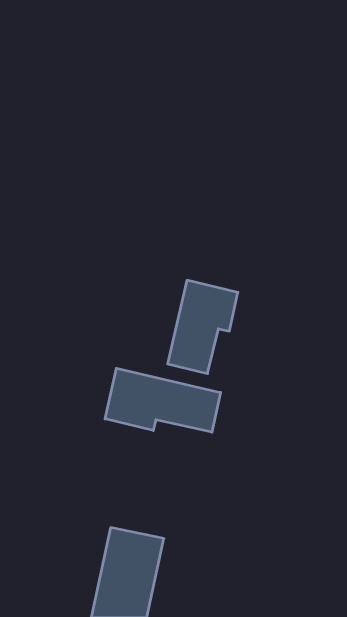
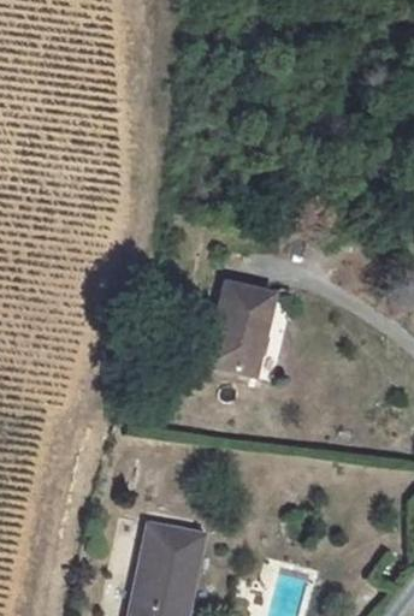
building: [105,368,221,432] -> none

